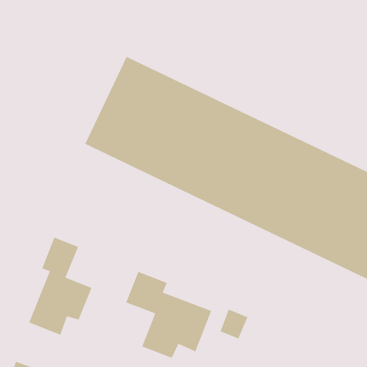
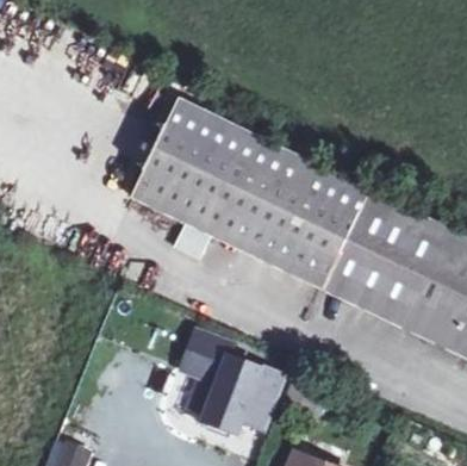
building: [28,237,92,336] -> none

